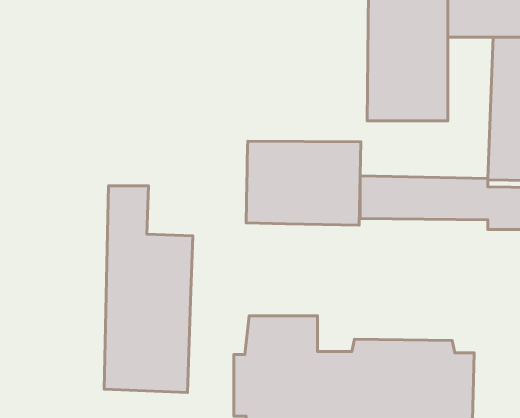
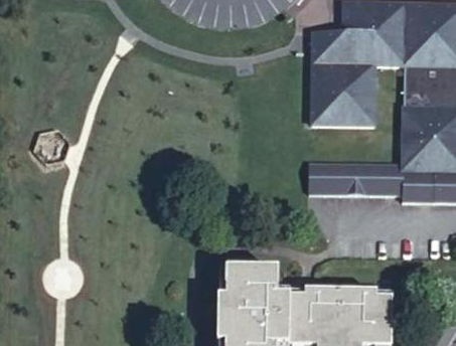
building: [246,141,361,225] -> none
building: [104,186,193,393] -> none

